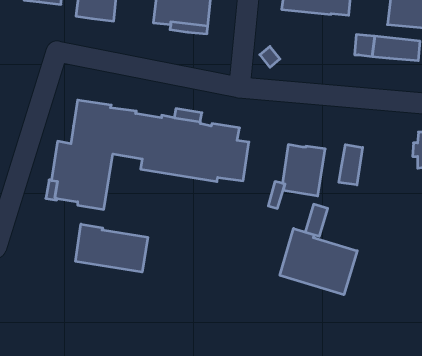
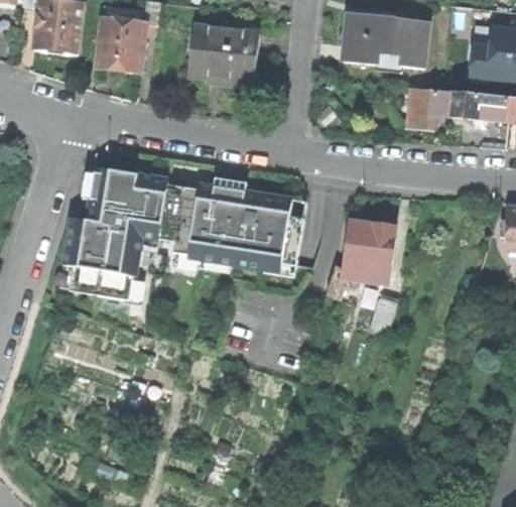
building: none -> [409,87,435,129]
building: [339,145,363,185] -> none
building: [76,224,148,272] -> none
building: [280,228,357,295] -> none

